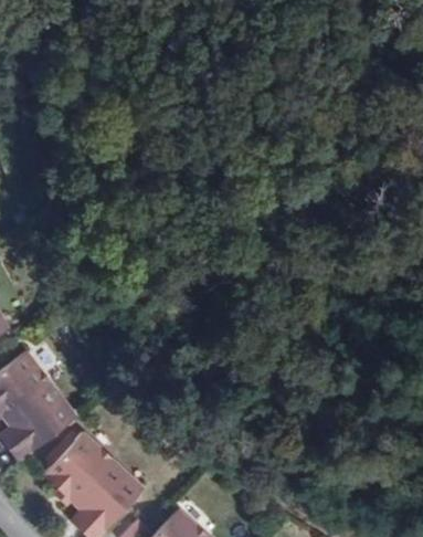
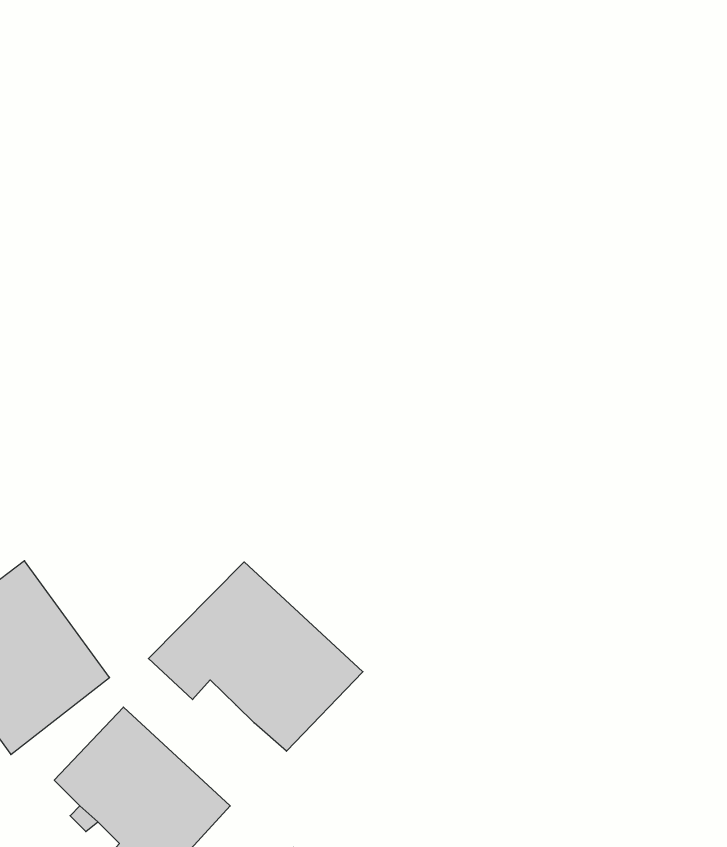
building: none -> [148,562,363,751]

